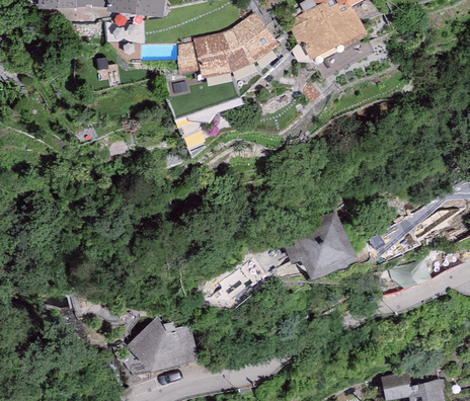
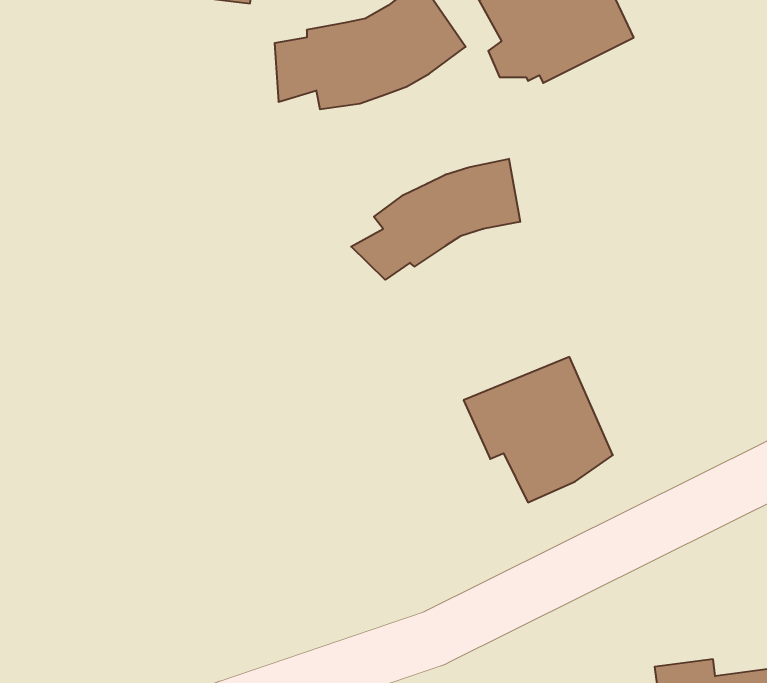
building: none -> [351,159,520,280]
building: [129,314,199,378] -> none

